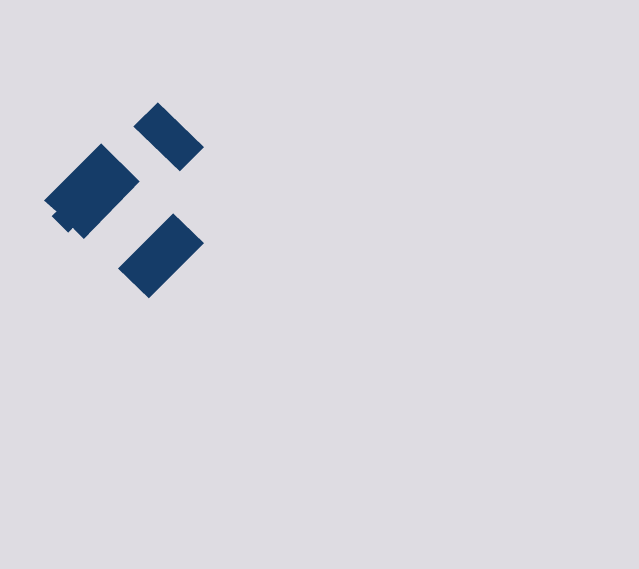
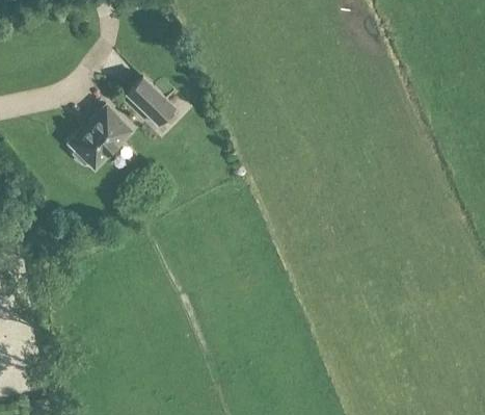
building: [117,213,205,299] -> none

